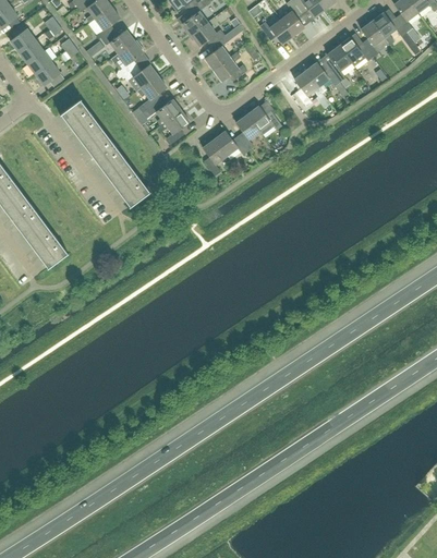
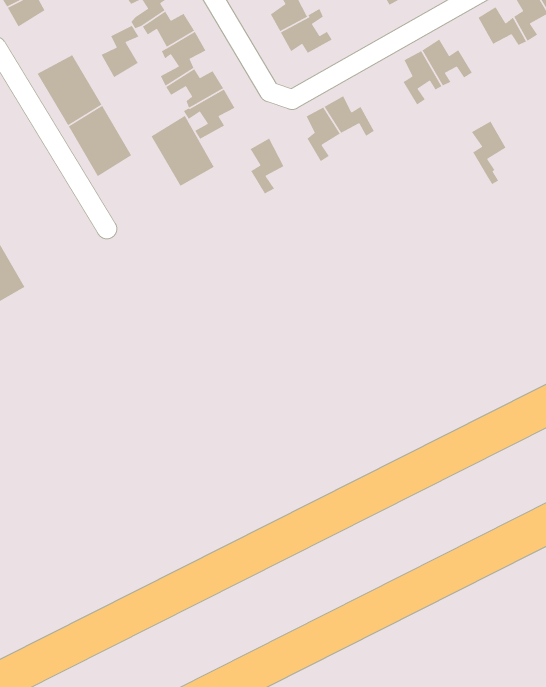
building: [327,46,351,87] -> [471,121,506,185]
building: none -> [100,25,139,78]
building: [214,131,248,156] -> none
building: [106,160,149,207] -> [151,115,215,187]

